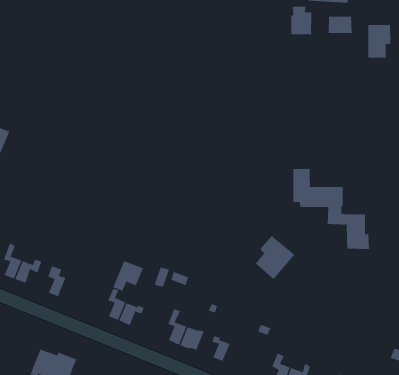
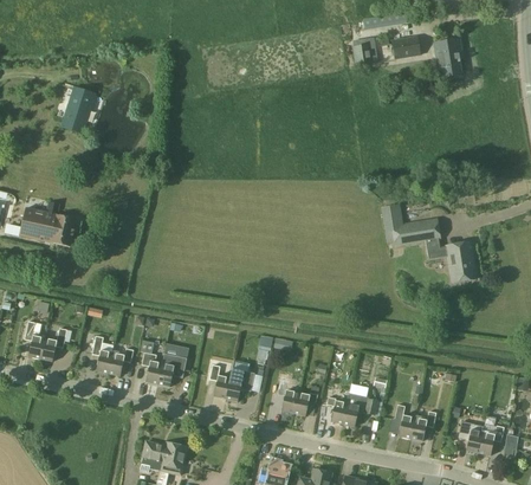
building: none -> [65,93,91,136]
building: [255,235,295,280] -> none
building: [112,260,144,292] -> [157,353,187,386]
building: none -> [342,393,383,426]

